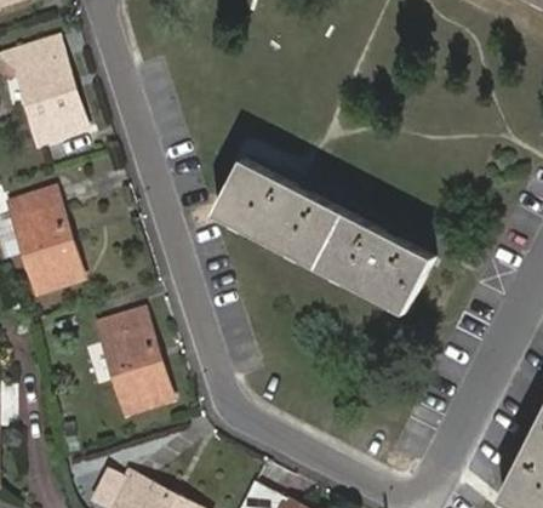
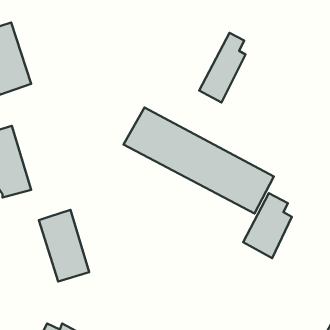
building: none -> [199,33,245,103]
building: none -> [243,193,292,258]

